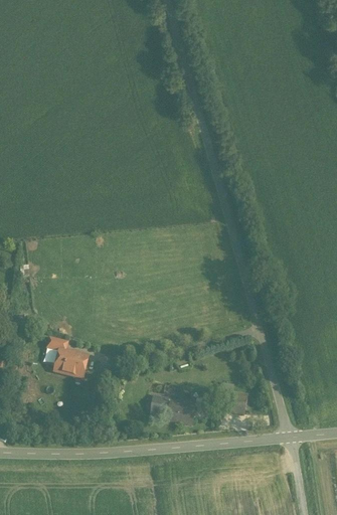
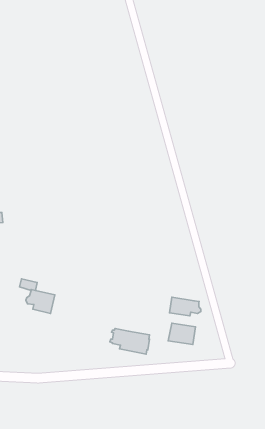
building: none -> [169,297,201,316]

